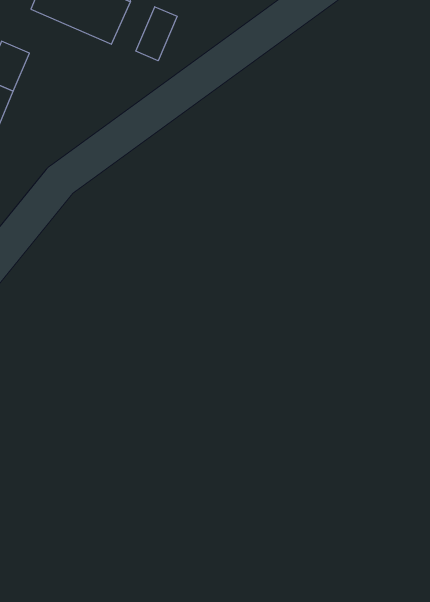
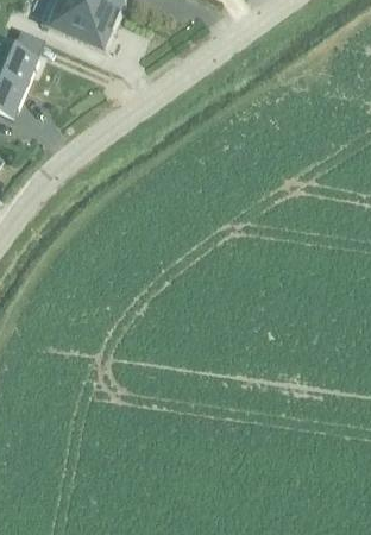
building: [136,7,177,61] -> none

